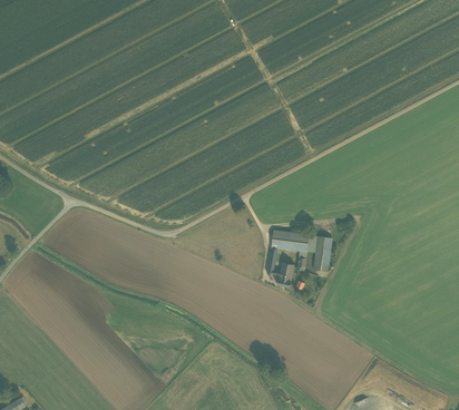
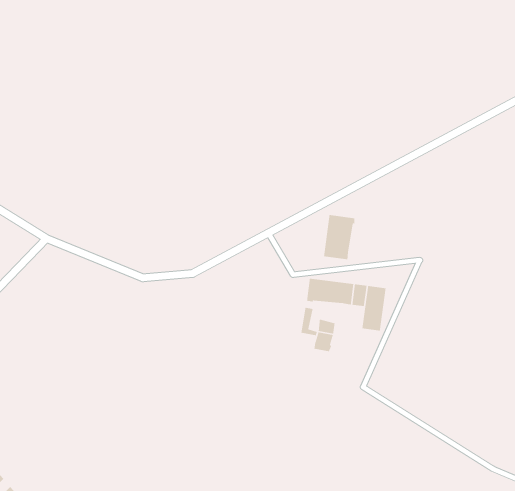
building: none -> [323,214,355,260]

